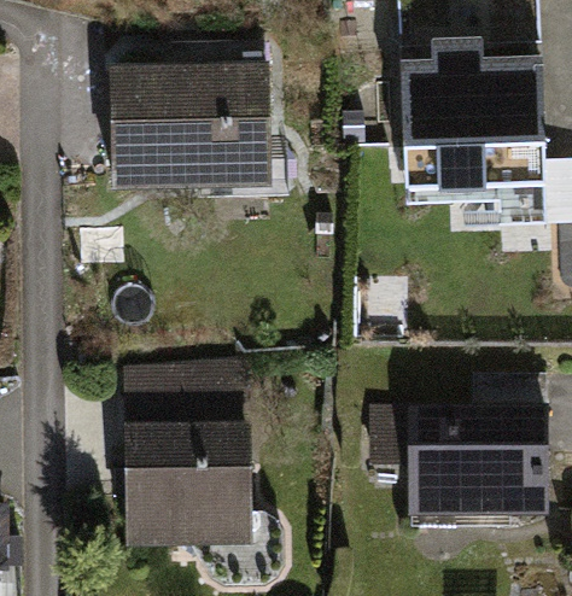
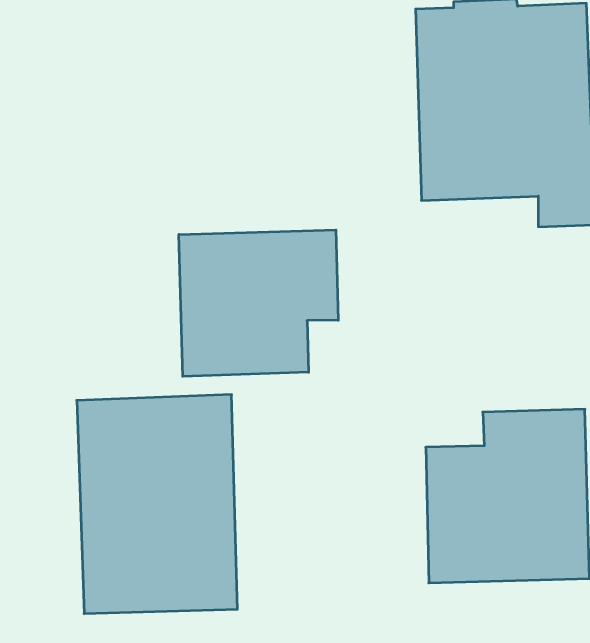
building: [110,65,273,189] -> none
building: none -> [179,230,338,376]

